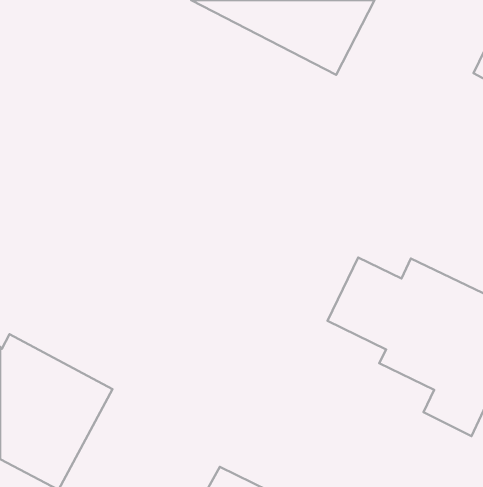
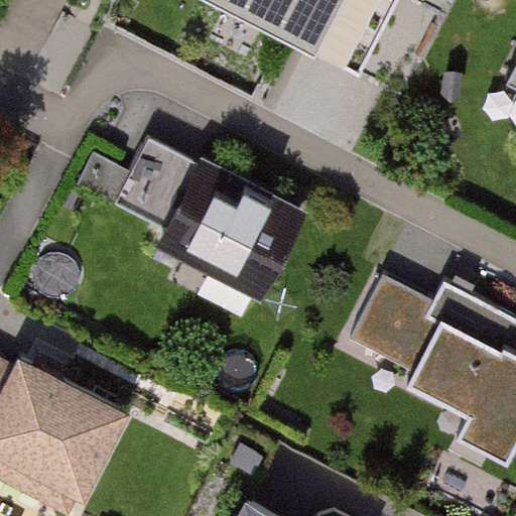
building: none -> [112,130,306,296]

